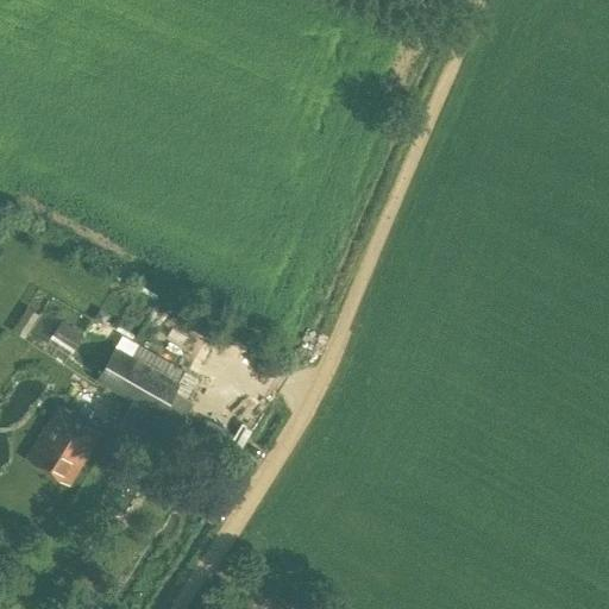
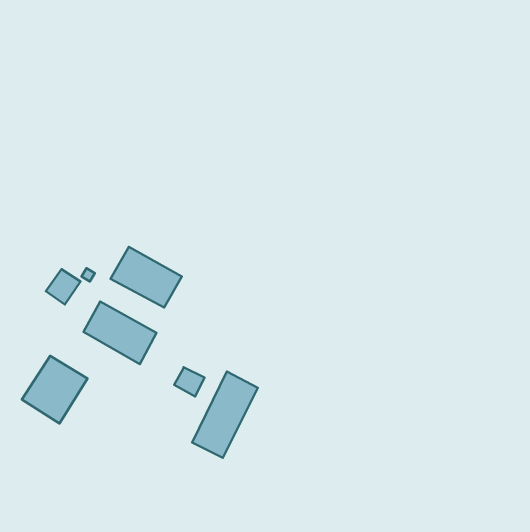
building: none -> [110,247,182,308]
building: none -> [192,372,258,458]

